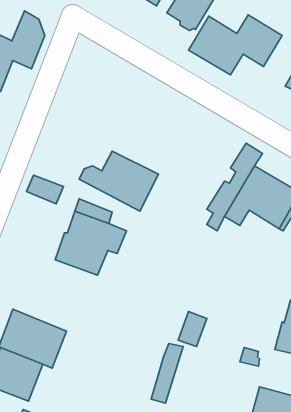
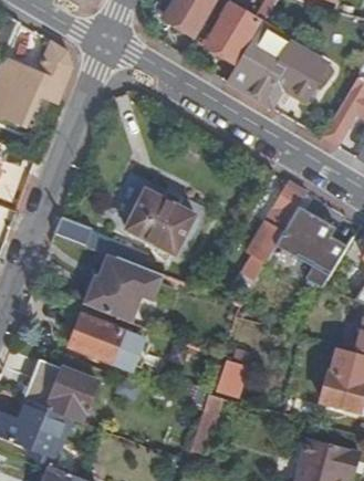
building: none -> [70,316,147,372]

